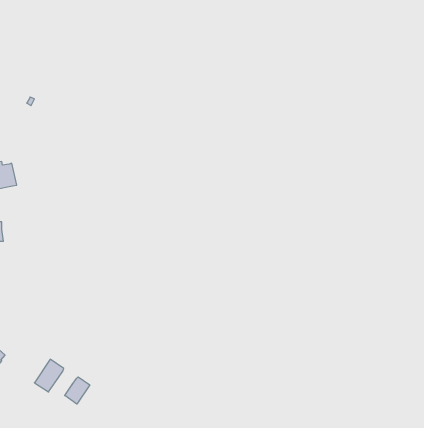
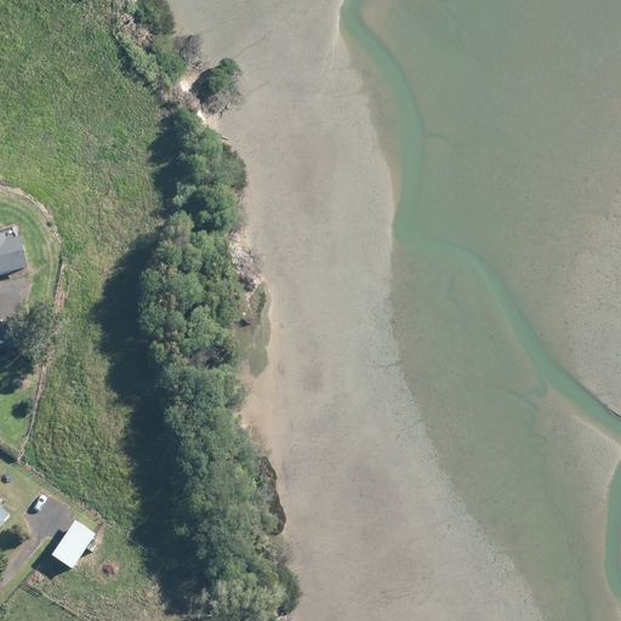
building: [65,377,90,404] -> none

